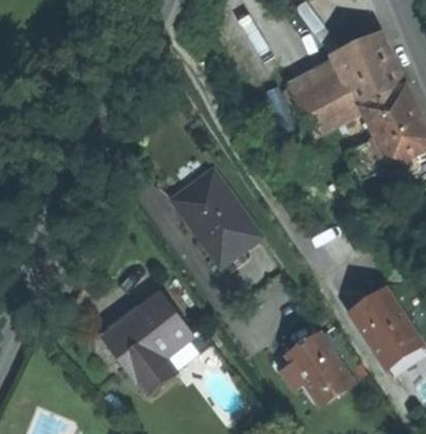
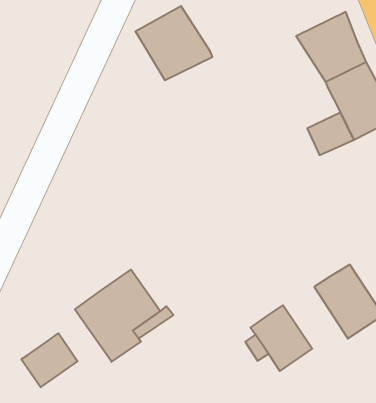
building: [286,56,365,132] -> [135,6,212,80]
building: [171,168,259,263] -> none
building: none -> [21,333,78,387]

